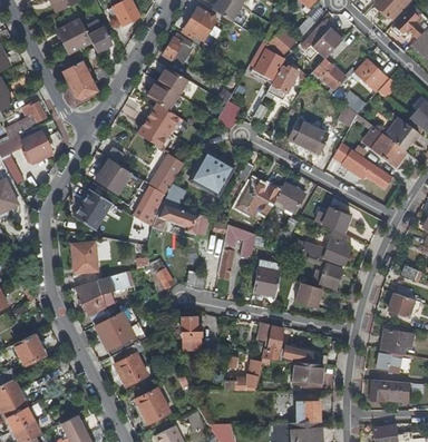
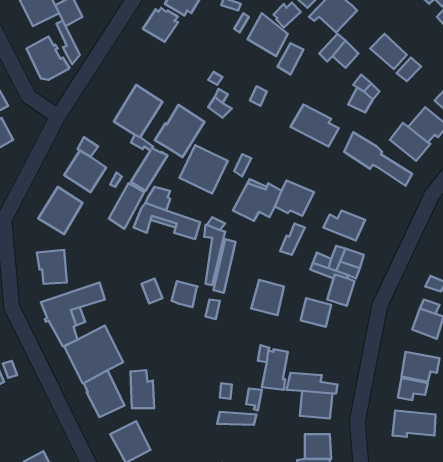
building: [145,65,187,109] -> [155,105,205,157]
building: [183,316,203,348] -> [131,370,154,408]

